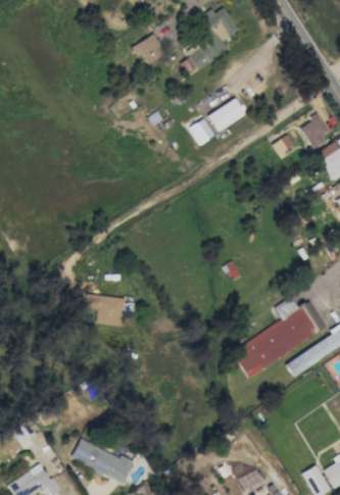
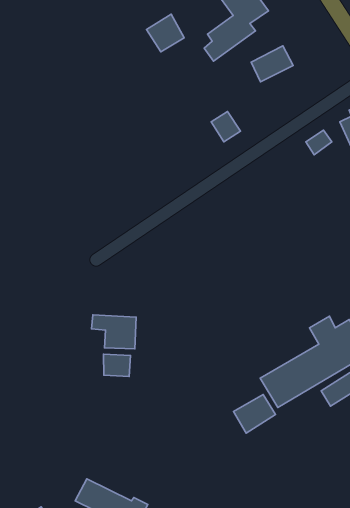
building: [209,99,246,131] -> [251,46,293,82]
building: none -> [104,354,131,376]
building: none -> [234,394,275,433]

